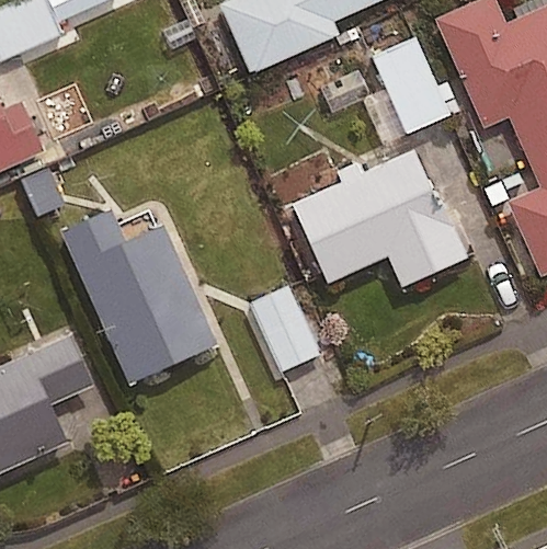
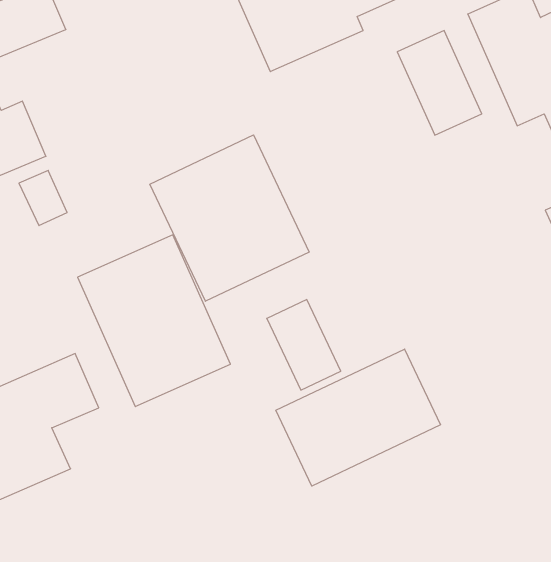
building: none -> [150,135,309,301]
building: [290,149,464,288] -> none
building: none -> [276,349,441,486]

